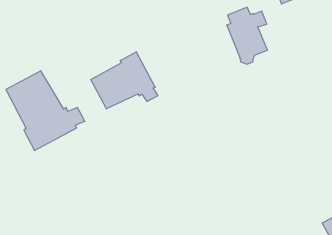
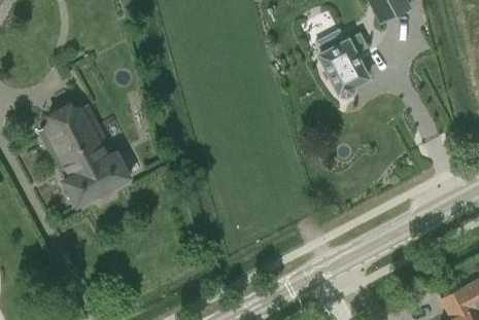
building: [91,52,158,109] -> none

